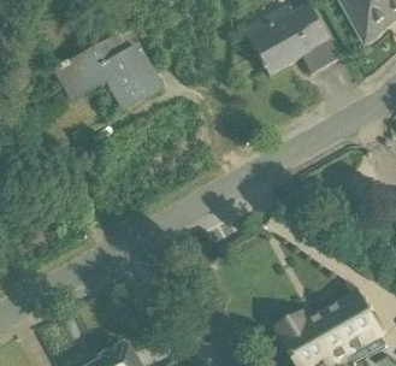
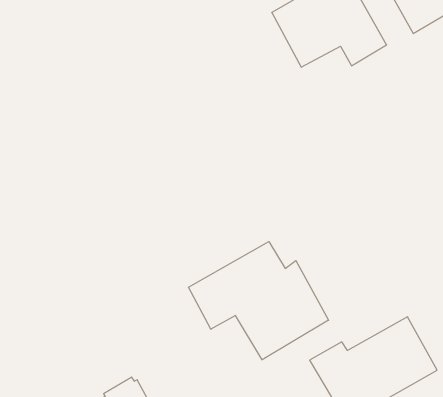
building: [52,31,164,112] -> none
building: none -> [188,242,329,360]

